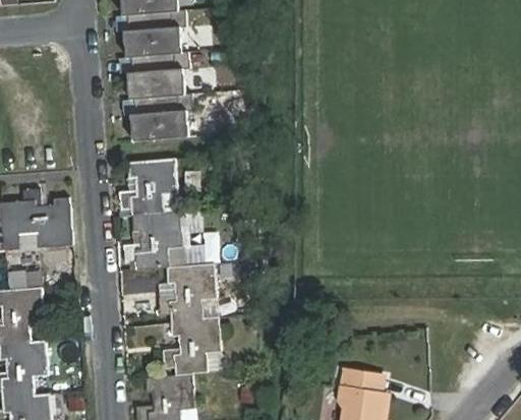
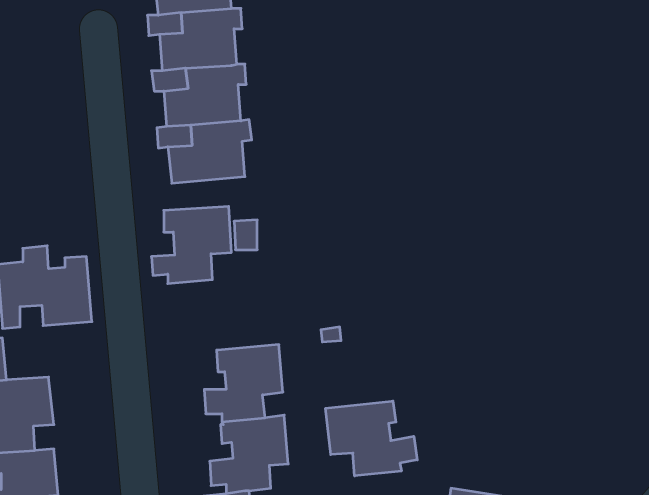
building: [123,213,182,269] -> none
building: none -> [326,401,417,476]

